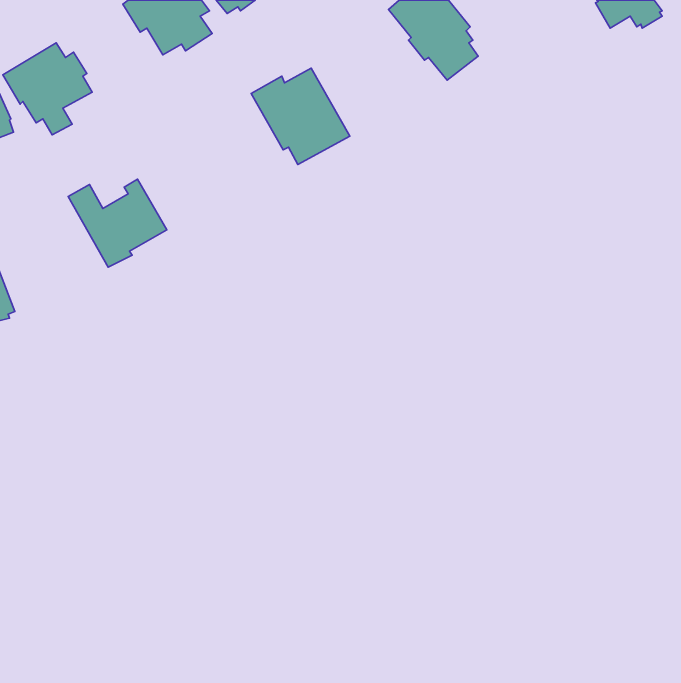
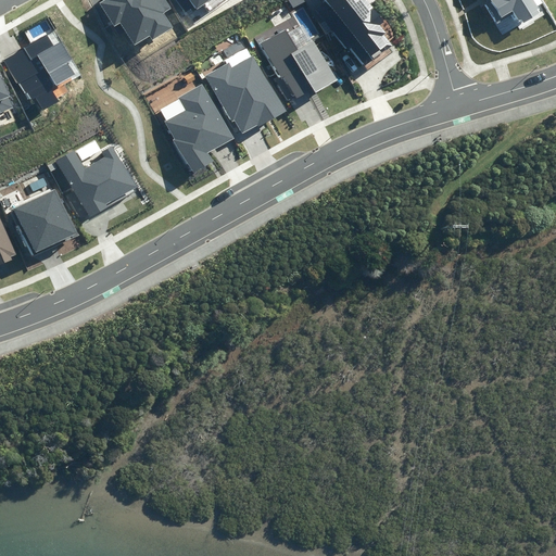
building: none -> [255,13,336,102]
building: none -> [164,83,233,174]
building: none -> [12,189,77,255]

